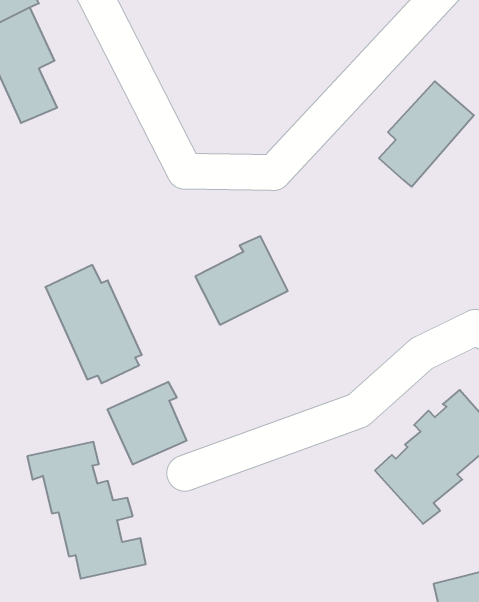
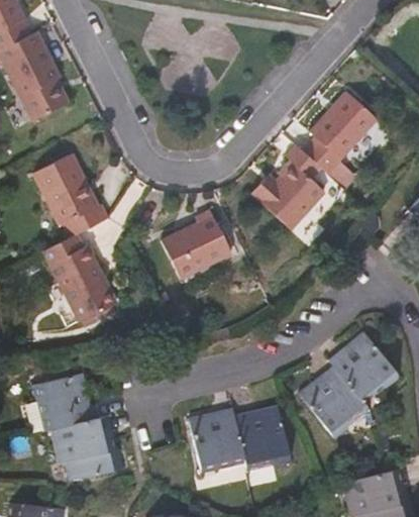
building: none -> [253,146,325,231]
building: none -> [31,159,102,245]
building: [108,382,187,465] -> none
building: none -> [192,405,292,475]

